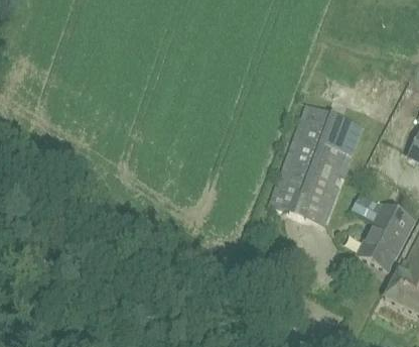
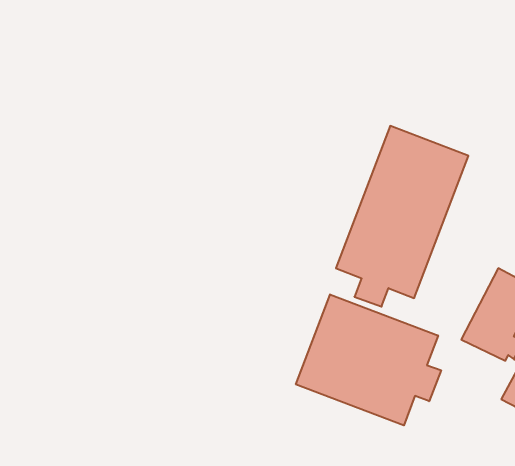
building: none -> [296,294,441,425]

